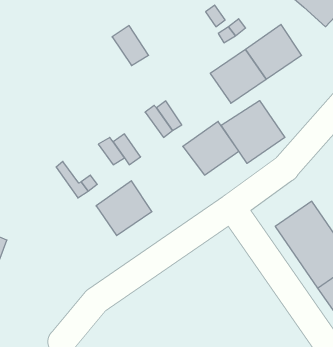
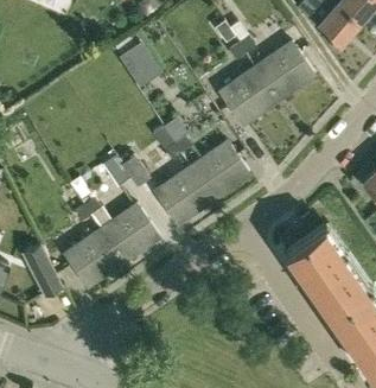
building: [221,101,285,163] -> none
building: none -> [155,168,214,224]
building: none -> [65,230,122,286]
building: none -> [23,244,62,295]

